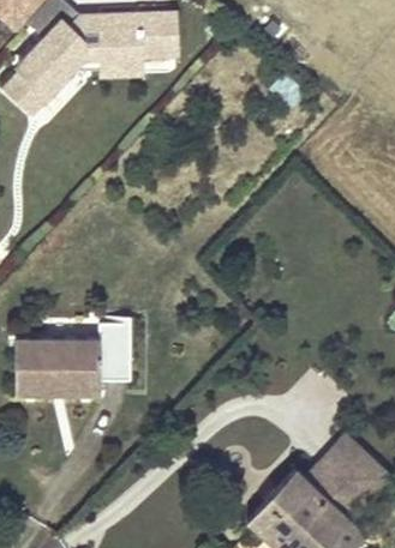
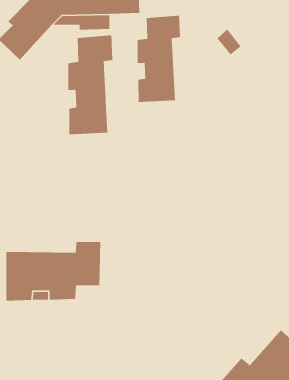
building: none -> [137,15,181,103]
building: none -> [67,35,113,135]

